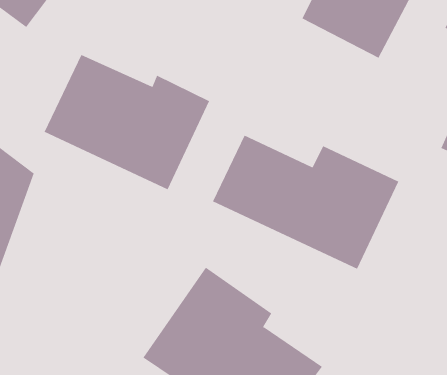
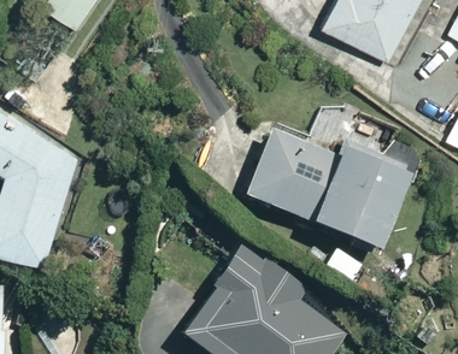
building: [44,54,210,190] -> none

